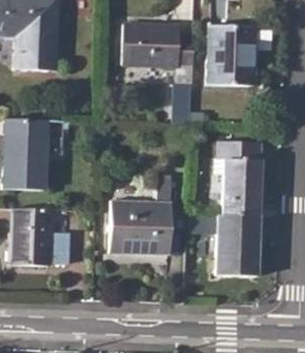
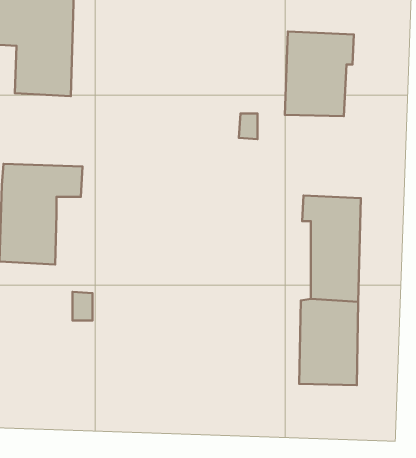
building: [124,21,194,66] -> none
building: [111,174,171,253] -> none
building: [10,208,70,266] -> none

